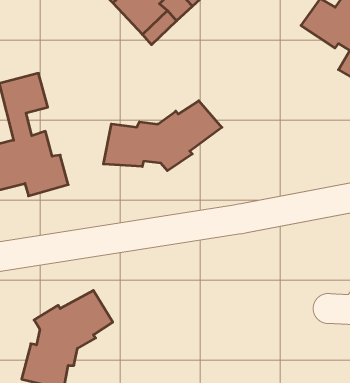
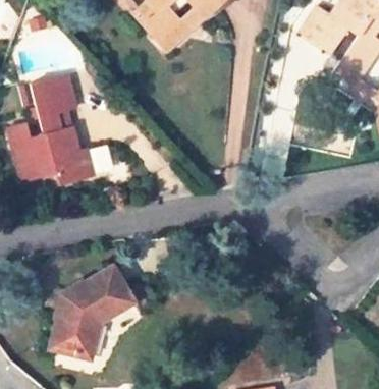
building: [103,101,222,171] -> none

